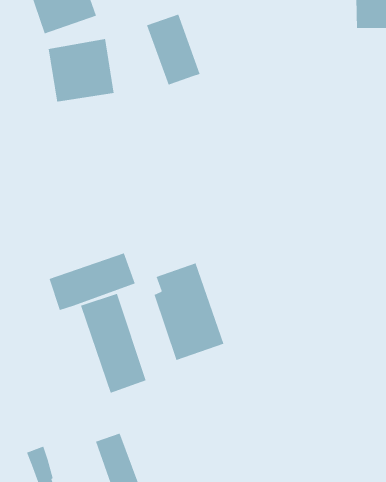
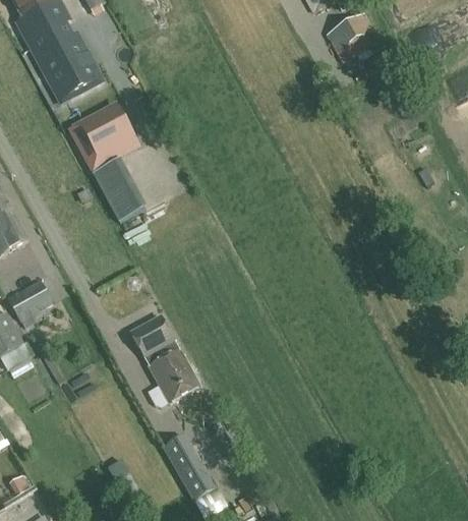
building: [146,14,201,85] -> [91,159,144,222]
building: [49,253,136,311] -> none
building: [154,262,224,361] -> none

